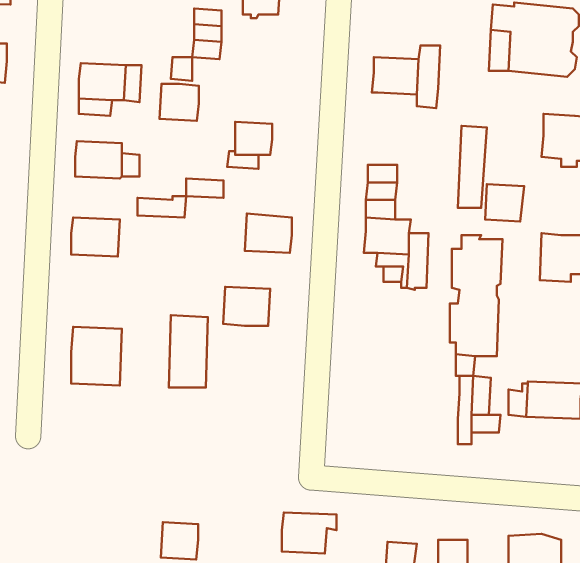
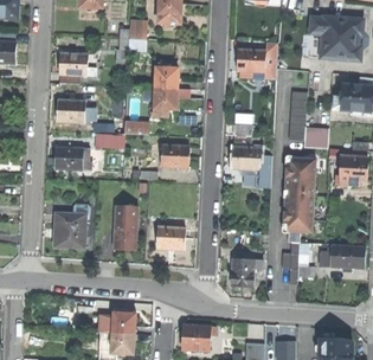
building: [160,84,199,121] -> [154,66,178,89]
building: [223,287,270,326] -> [156,225,185,249]
building: none -> [231,258,263,285]
building: none -> [105,307,133,332]

